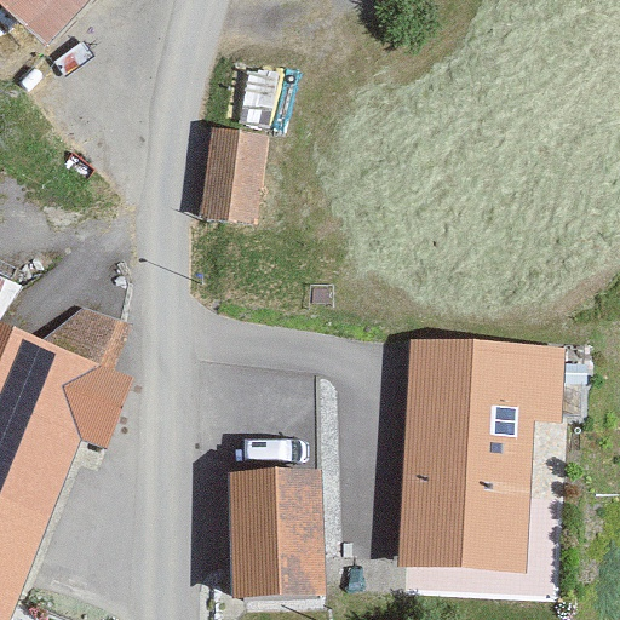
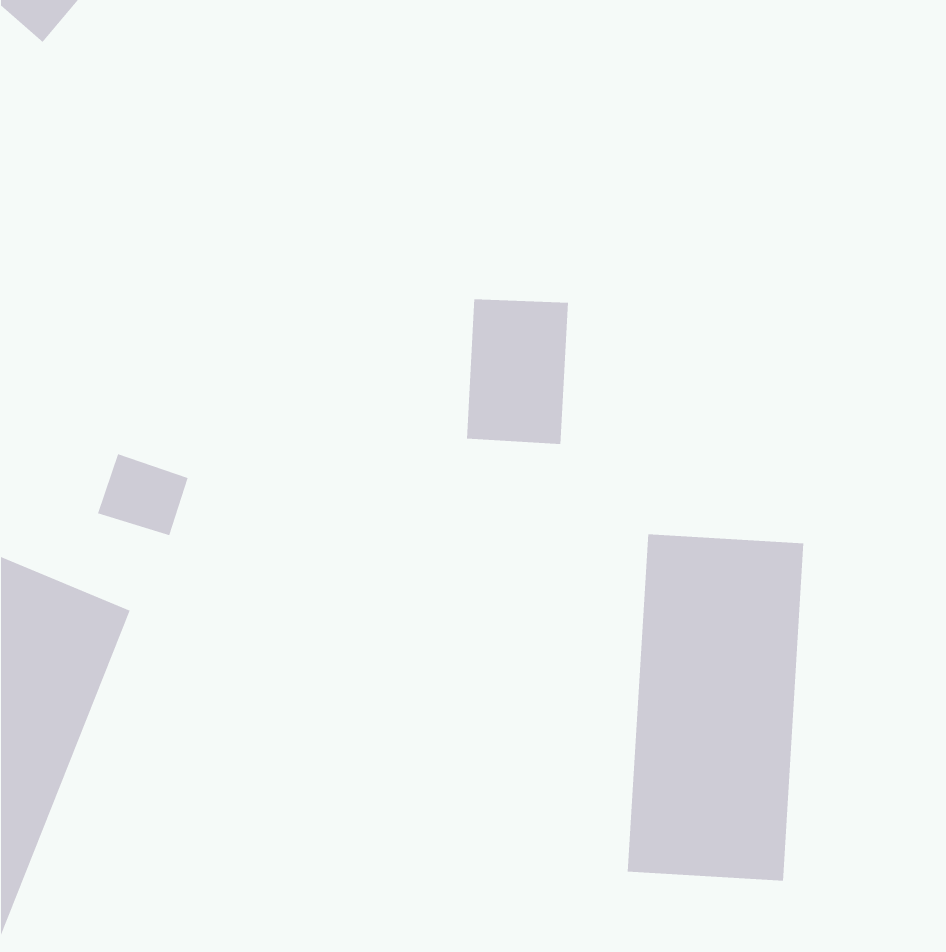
building: [209,120,276,214] -> [466,299,569,444]
building: [228,495,310,595] -> none

